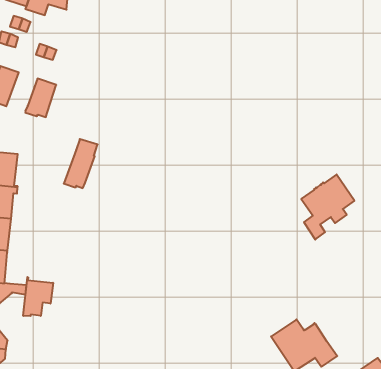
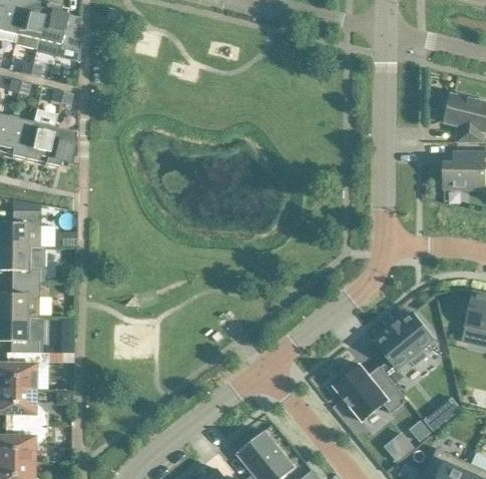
building: [64,139,98,188] -> [23,108,56,161]
building: [301,174,354,240] -> [376,311,434,384]
building: [23,277,53,316] -> none

